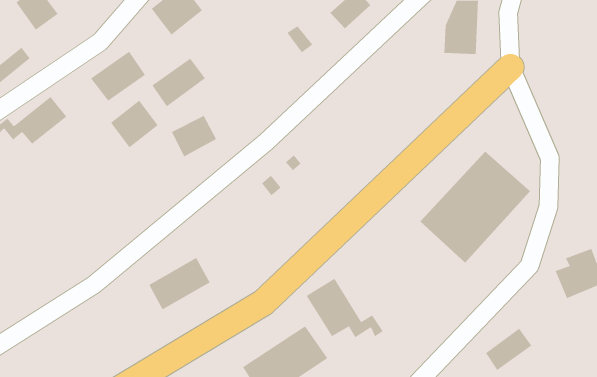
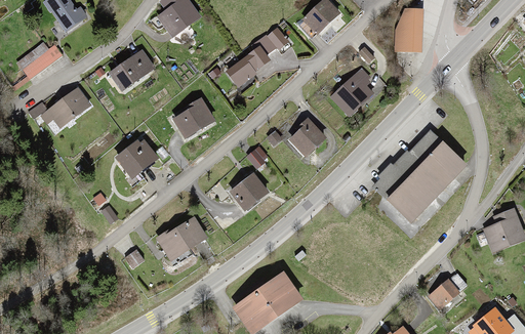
building: [151,58,206,107] -> [225,46,269,86]
building: none -> [331,75,373,116]
building: [110,100,158,148] -> [116,139,155,178]
building: none -> [289,121,324,156]
building: none -> [229,173,267,209]
building: [306,278,384,338] -> none

